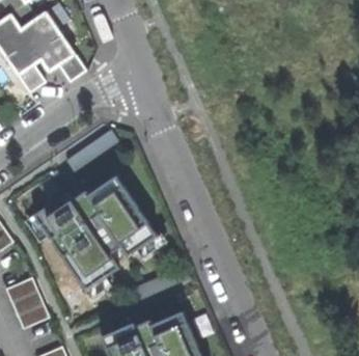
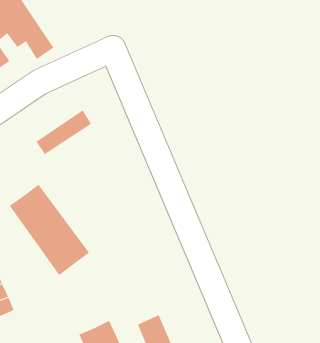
building: [99,181,162,254] -> none

